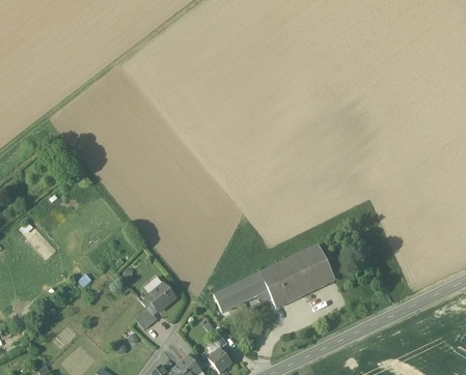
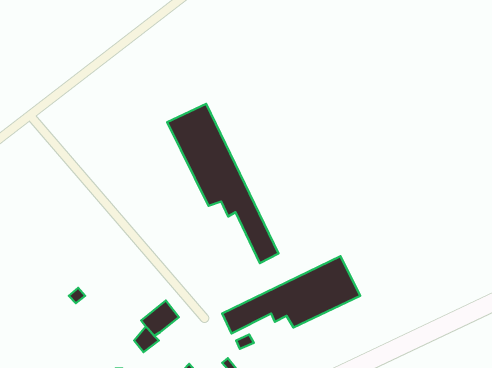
building: none -> [167,104,279,263]

